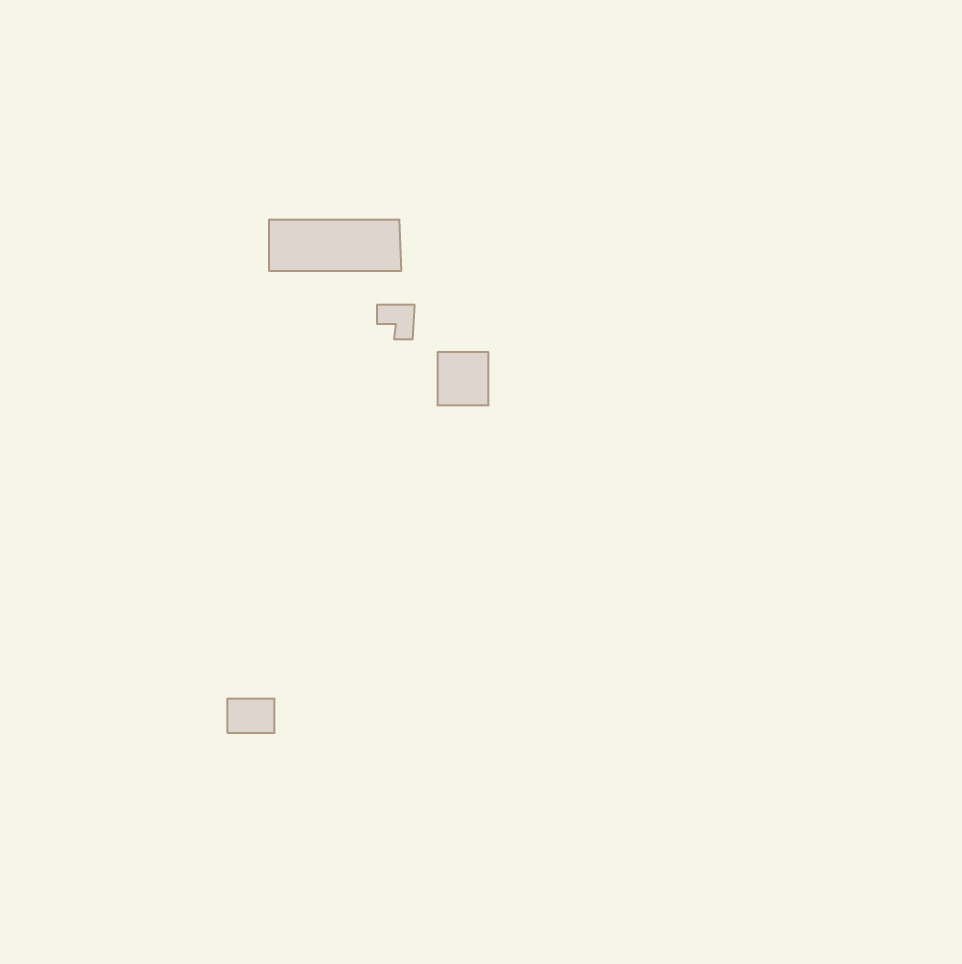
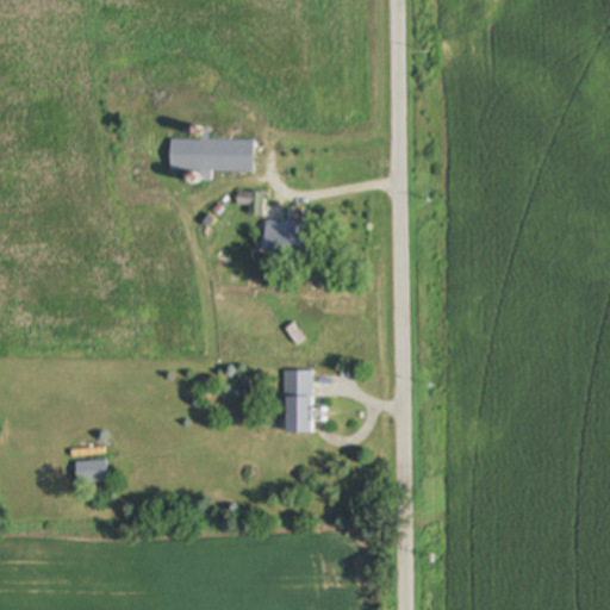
building: none -> [282,369,311,430]
building: [227,699,275,733] -> [75,461,105,483]

